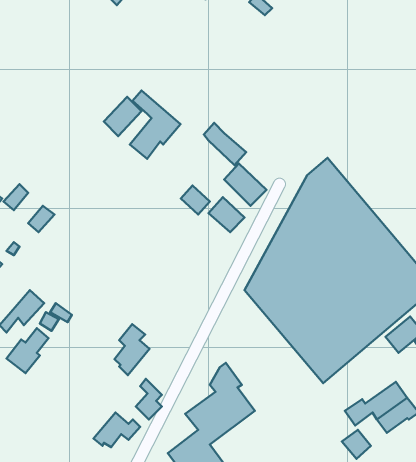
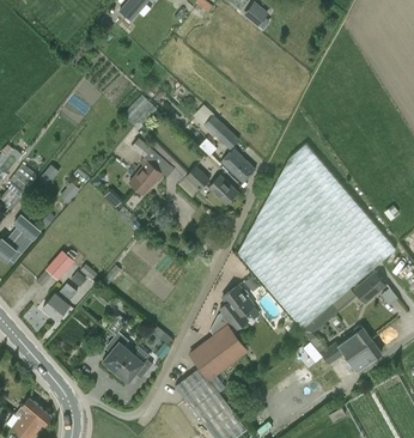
building: [130,91,181,159] -> [130,139,172,195]
building: [115,324,150,375] -> [104,333,133,375]
building: none -> [224,286,255,330]

